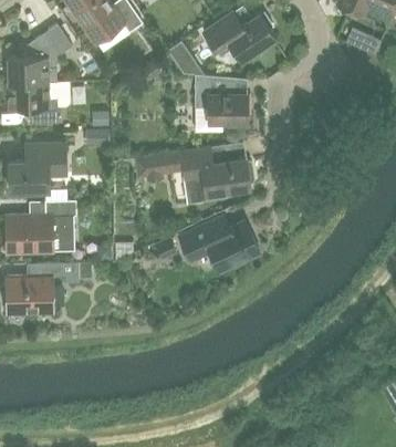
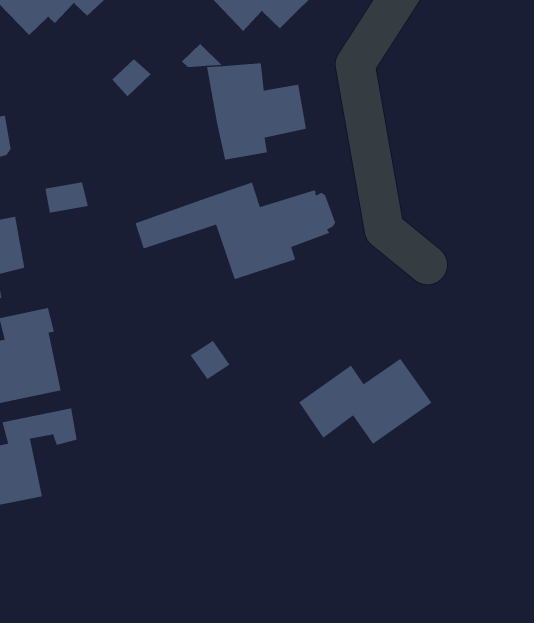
building: [179,220,259,270] -> [298,358,433,445]

